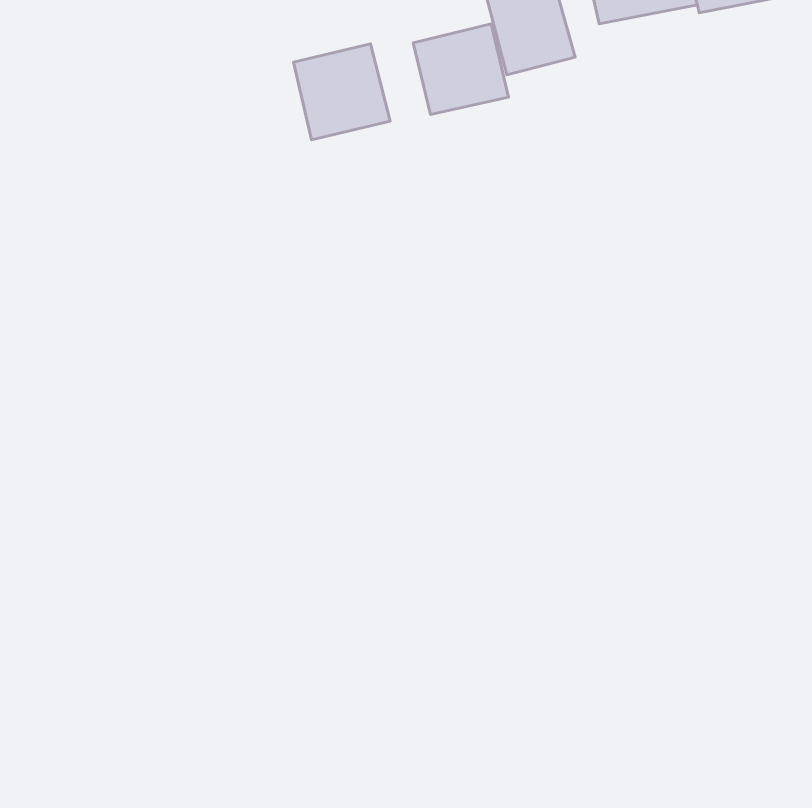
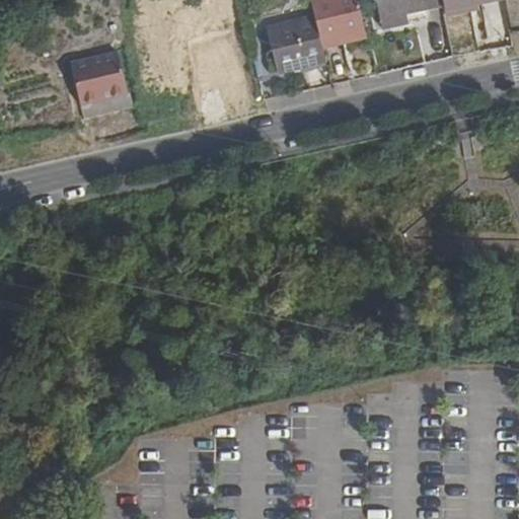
building: [293,44,390,140] -> none
building: none -> [70,52,131,119]

